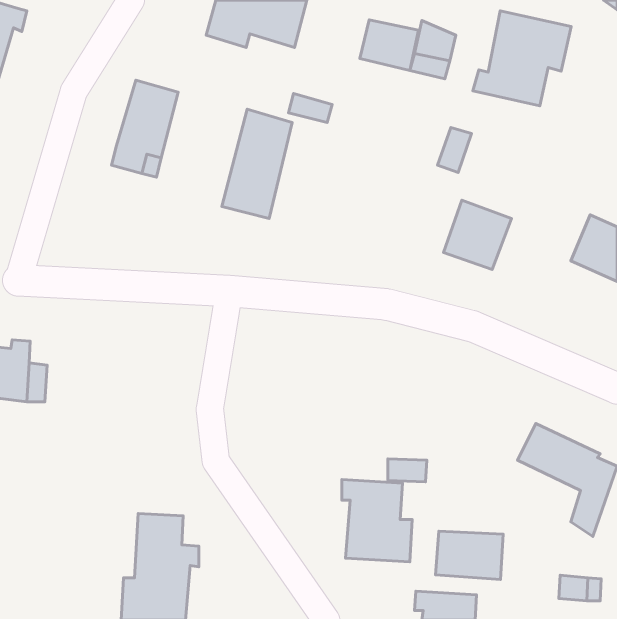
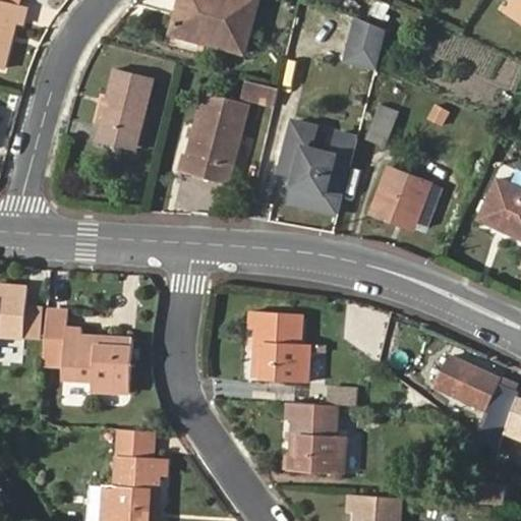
building: [473,11,571,106] -> none
building: [360,20,419,70] -> none
building: none -> [280,122,356,215]
building: none -> [43,310,131,393]
building: none -> [249,311,309,382]
building: [436,531,503,579] -> none

